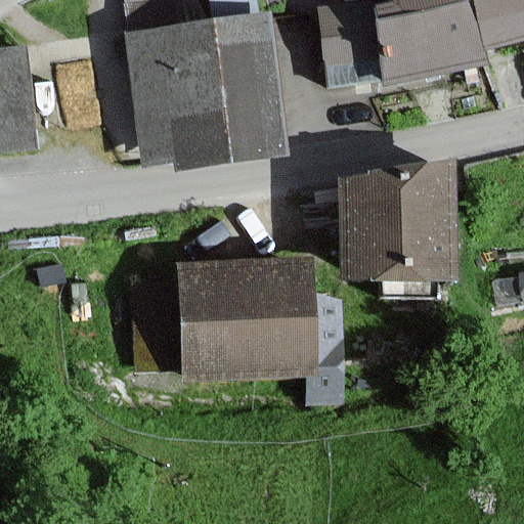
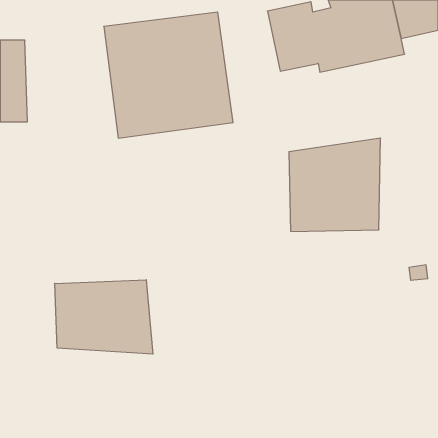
building: [182,264,315,374] -> none
building: none -> [55,280,153,354]

